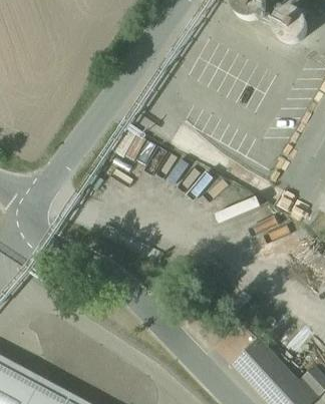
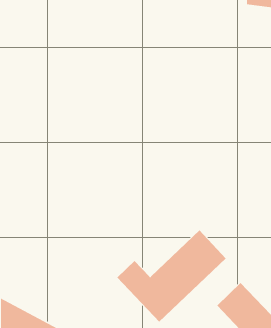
building: none -> [117,230,227,322]

